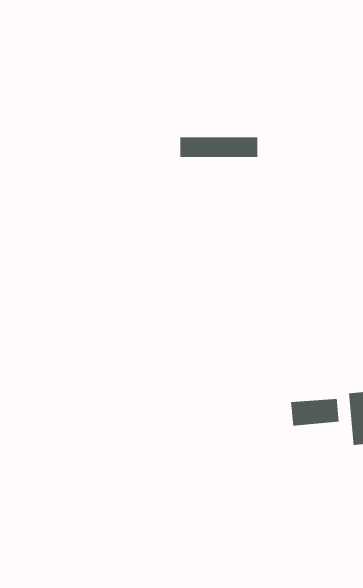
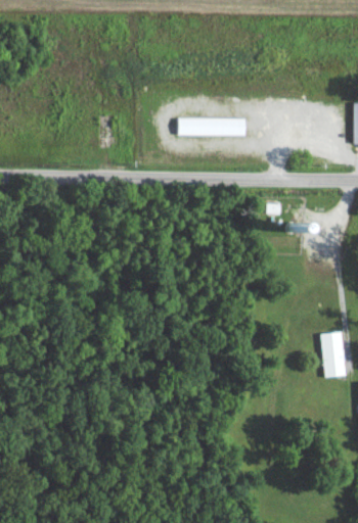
building: [290,398,339,427] -> none

